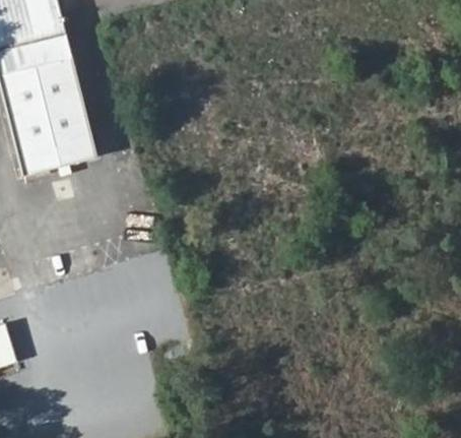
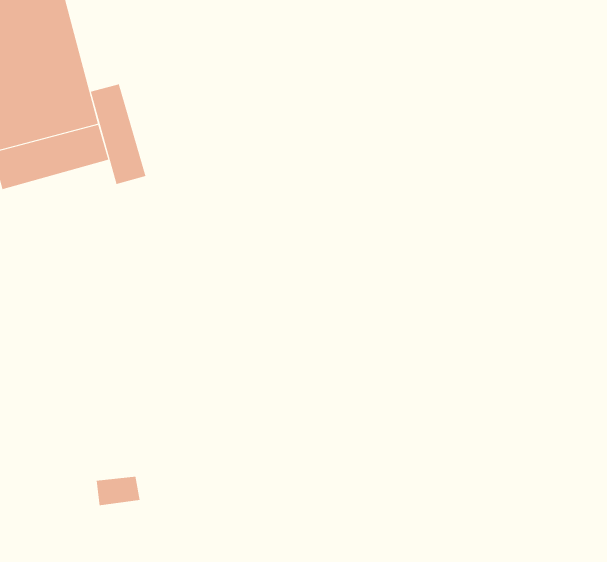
building: none -> [90,84,146,185]

